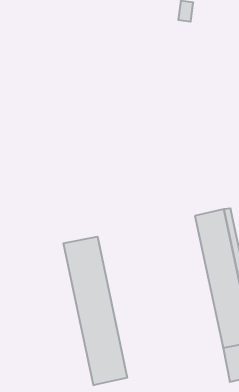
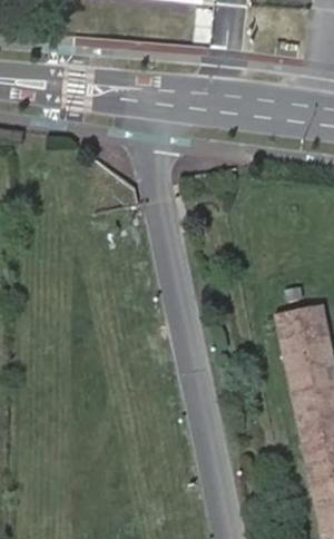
building: [63,237,127,385] -> none

